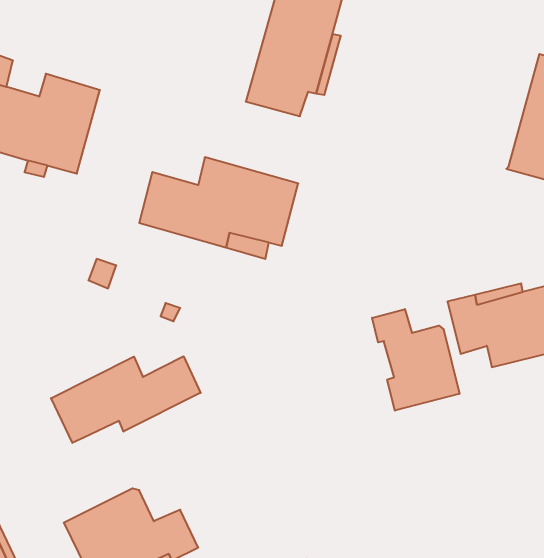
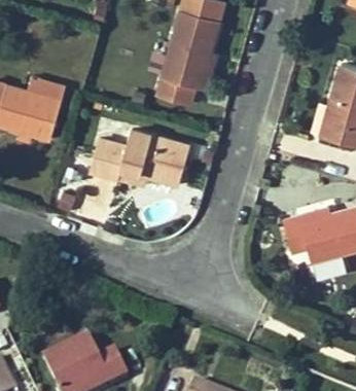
building: [372,309,459,411] -> none
building: [51,356,201,443] -> none

